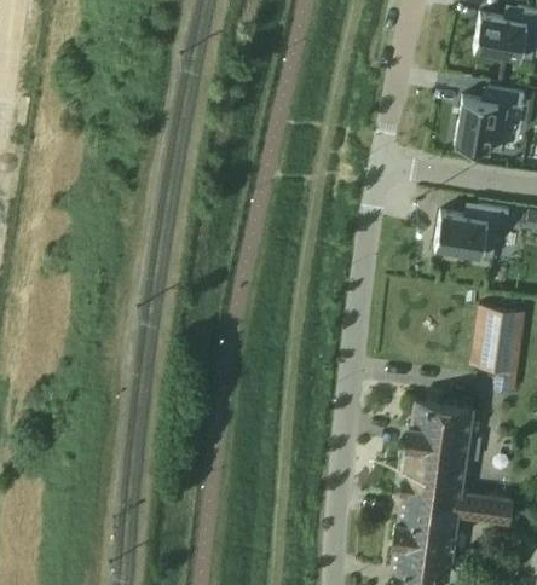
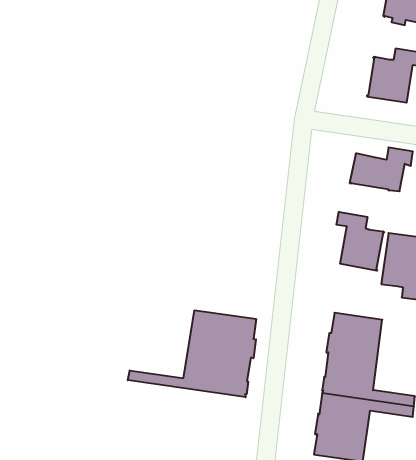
building: none -> [336,212,384,271]
building: none -> [128,310,256,397]

